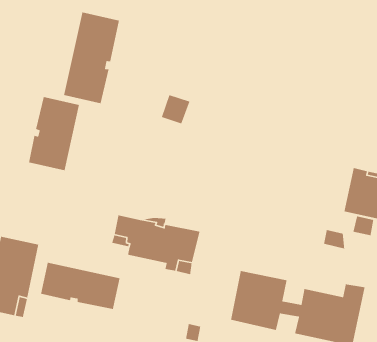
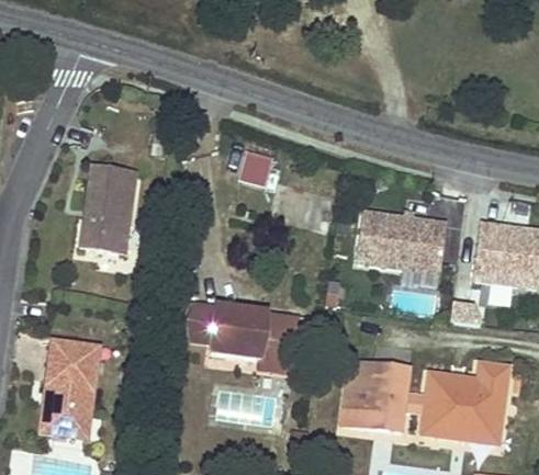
building: [63,11,120,104] -> none
building: none -> [355,211,446,273]
building: [40,262,120,310] -> none

